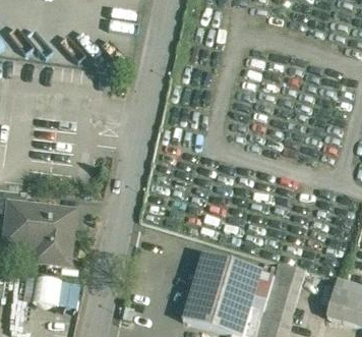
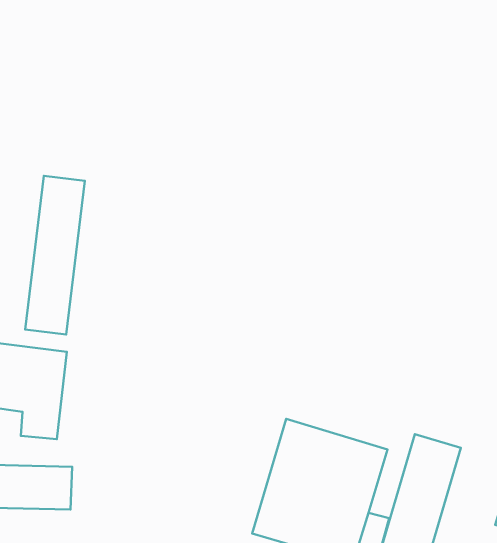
building: none -> [25,176,85,334]

